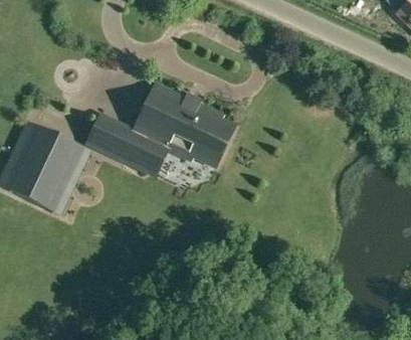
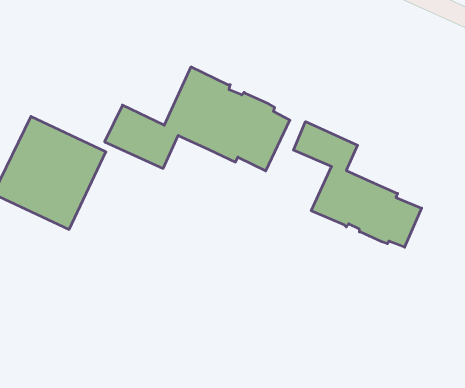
building: none -> [293,122,422,247]

